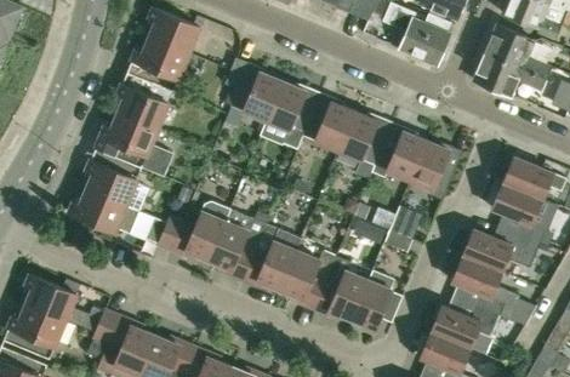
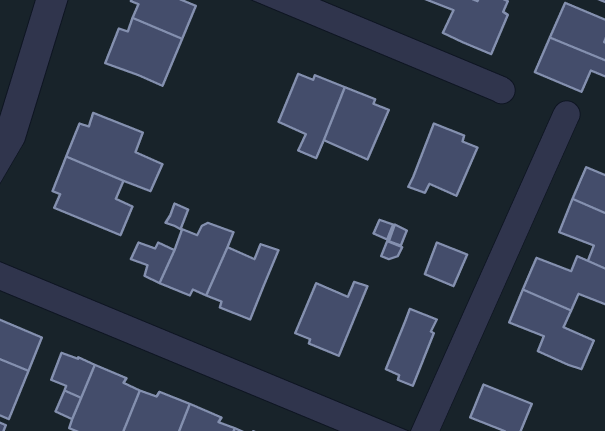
building: [224,58,283,121] -> none
building: [116,74,169,130] -> none
building: [338,112,392,166] -> none
building: [410,142,463,201] -> none
building: [69,190,139,234] -> none
building: [244,224,302,291] -> none
building: [315,253,369,320] -> none
building: [432,305,500,348] -> none

